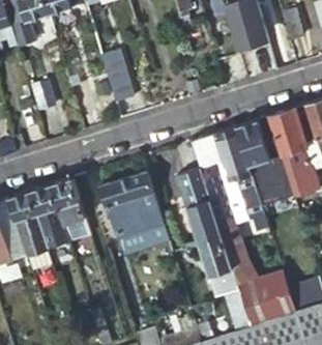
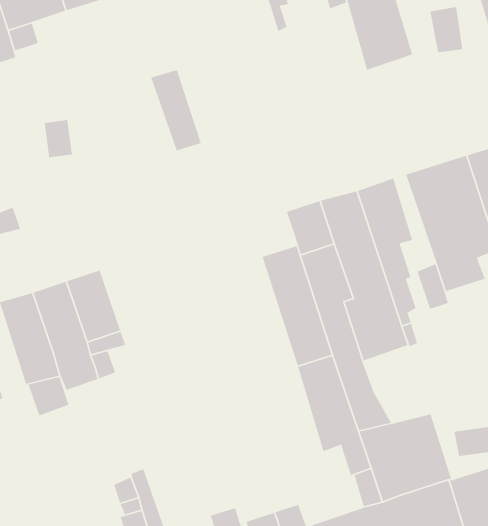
building: [98,174,163,242] -> none

